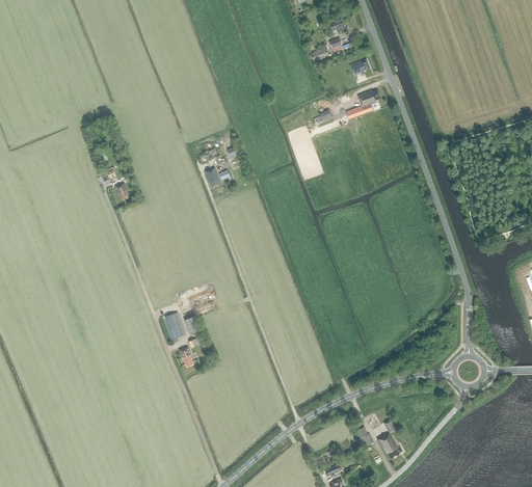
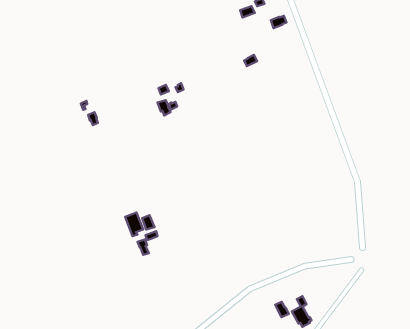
building: [346,89,381,118] -> none

